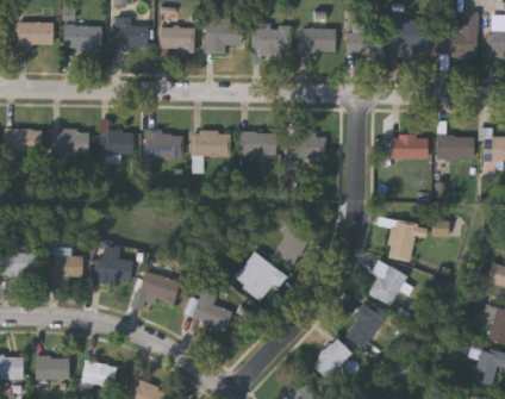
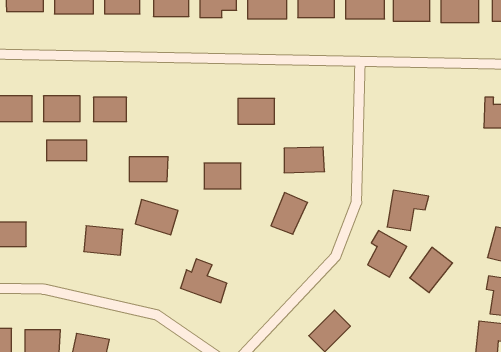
building: [194,132,230,157] -> [204,163,241,189]
building: [146,133,185,157] -> [129,157,168,181]
building: [292,135,331,160] -> [284,147,325,173]
building: [391,135,429,160] -> none
building: [437,137,475,160] -> none
building: none -> [47,140,87,161]
building: [235,253,285,301] -> none
building: [46,255,82,288] -> none
building: [138,270,180,305] -> [135,200,178,235]
building: [344,305,386,349] -> [410,247,453,293]

